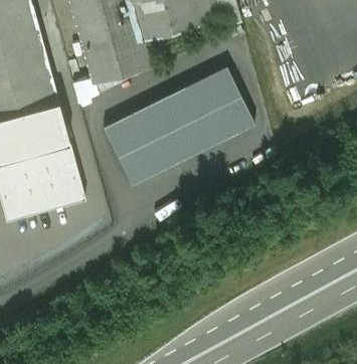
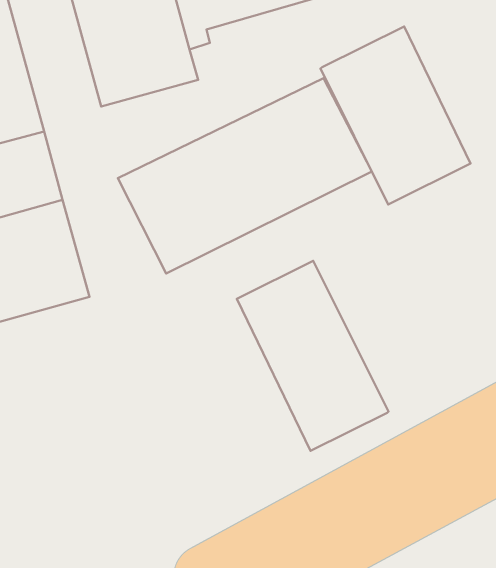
building: none -> [320,26,470,204]
building: none -> [237,261,389,451]

